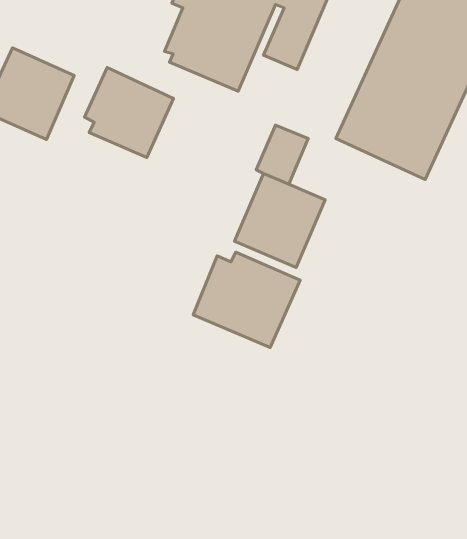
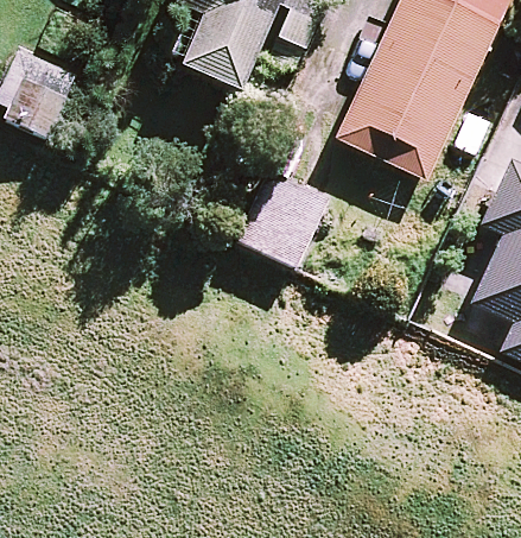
building: [84,68,173,158] -> none
building: [193,252,300,348] -> none

